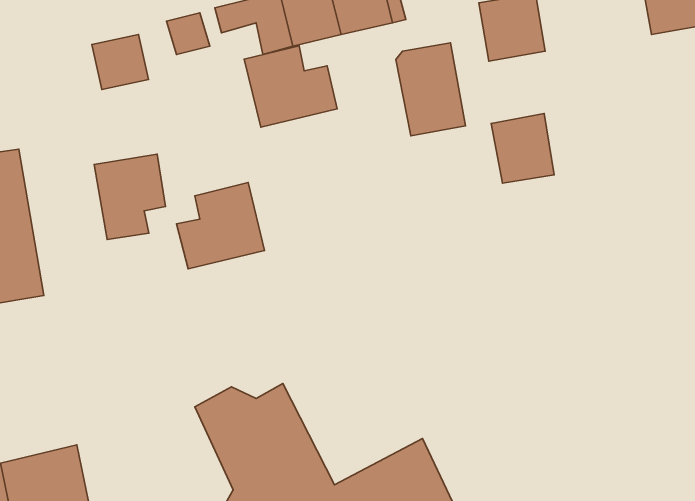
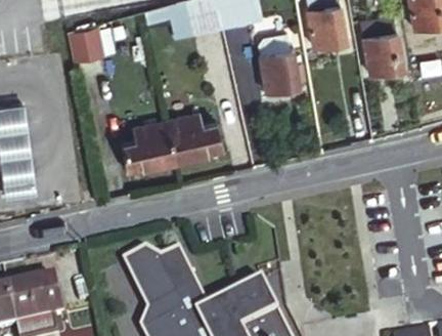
building: [244,46,337,127] -> [162,111,219,161]
building: [491,113,554,183] -> [361,30,400,73]
building: [94,154,165,240] -> none

